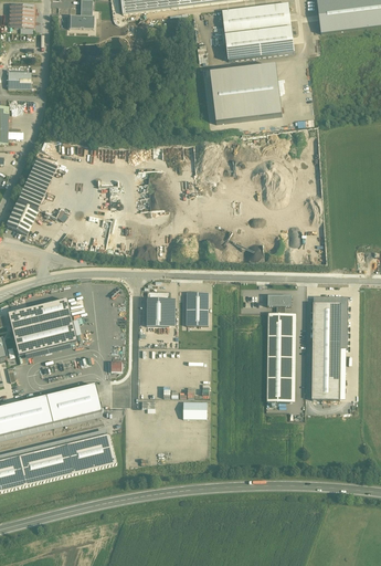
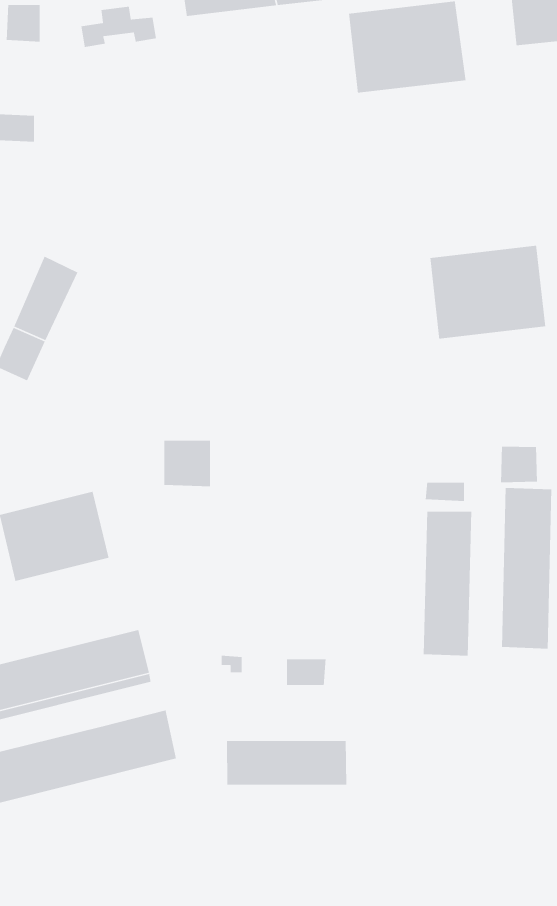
building: [210,64,281,122] -> [429,245,546,340]
building: none -> [500,446,538,483]
building: [187,290,208,324] -> none
building: [146,295,174,324] -> [164,440,211,487]
building: none -> [226,740,347,785]

